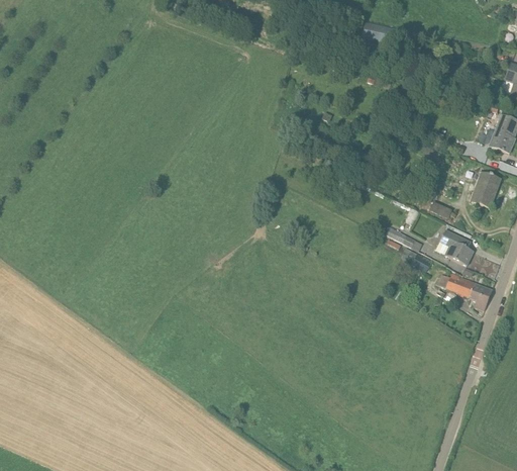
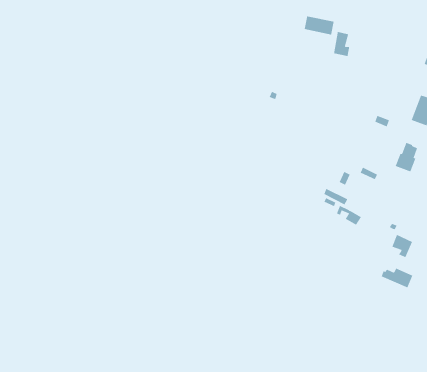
building: none -> [334,31,350,57]
building: [437,228,474,264] -> none
building: [434,272,473,296] -> [381,268,413,288]

